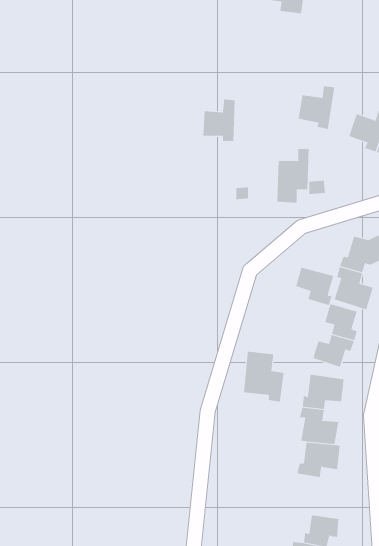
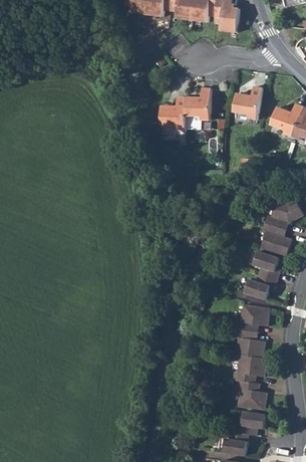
building: [276,149,310,203] -> [186,88,211,130]
building: [295,267,334,306] -> none
building: [244,351,284,403] -> none
building: none -> [237,381,266,410]

